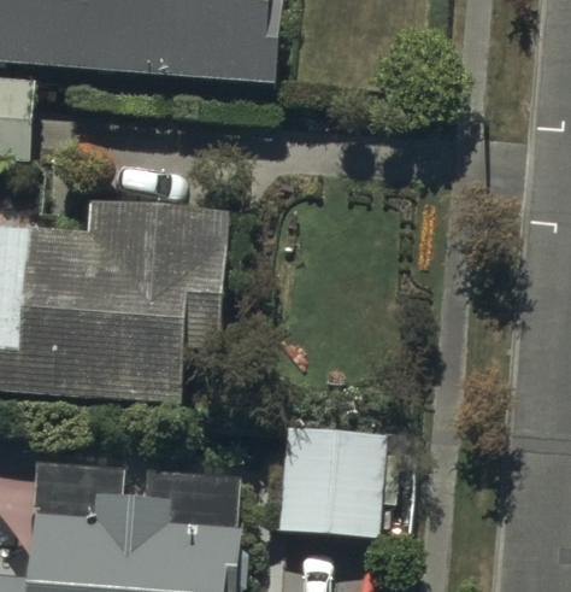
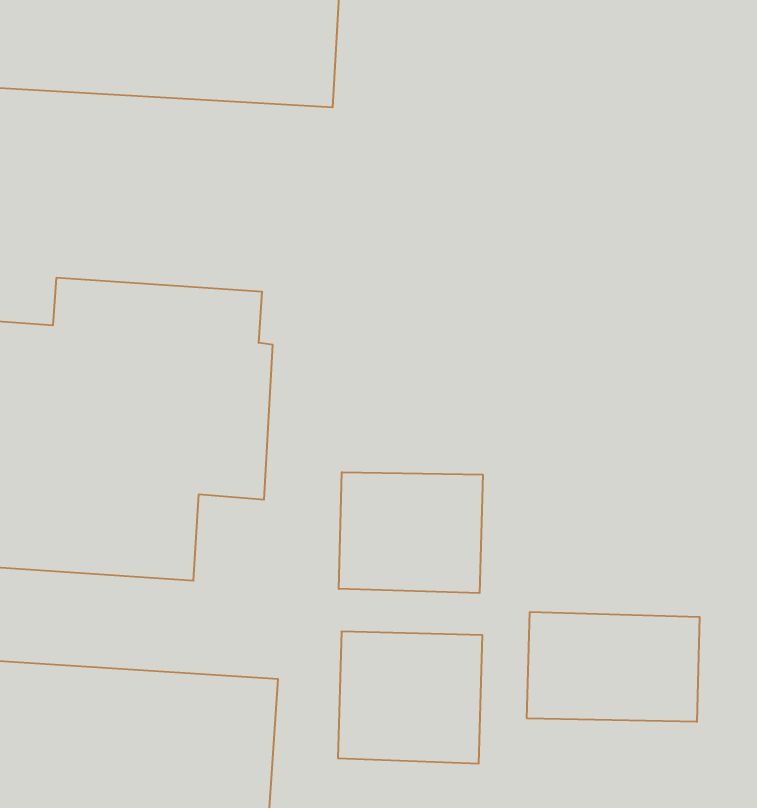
building: none -> [339,472,483,593]
building: none -> [527,612,700,722]

